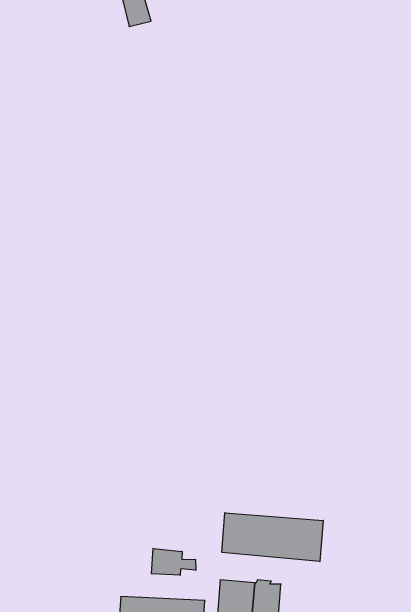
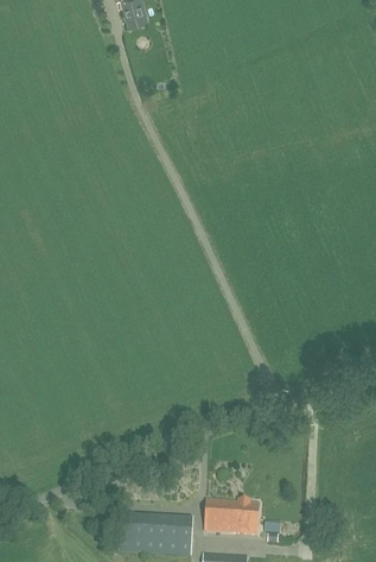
building: [222,513,323,562] -> none
building: [151,548,196,575] -> none

